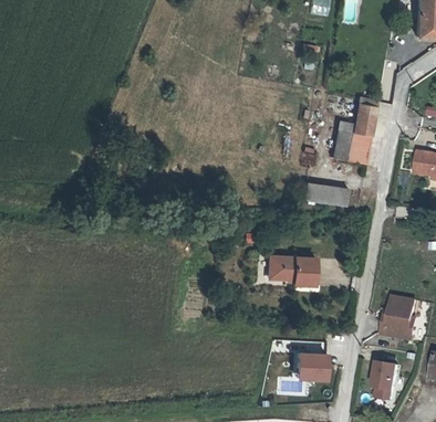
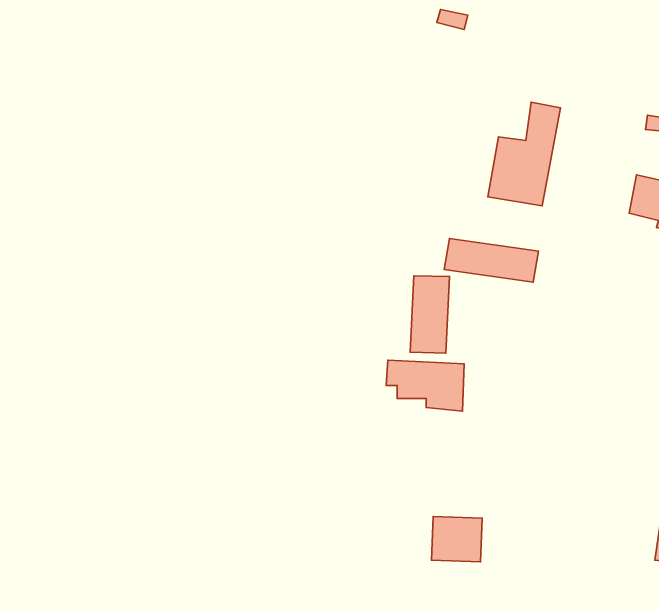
building: none -> [410,276,450,353]
building: [380,297,415,342] -> none
building: [374,361,399,400] -> none

